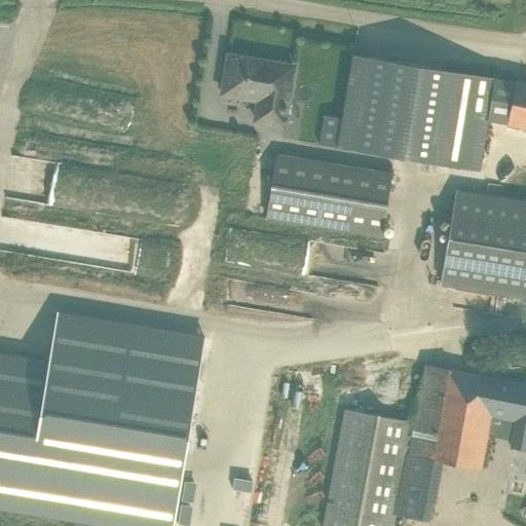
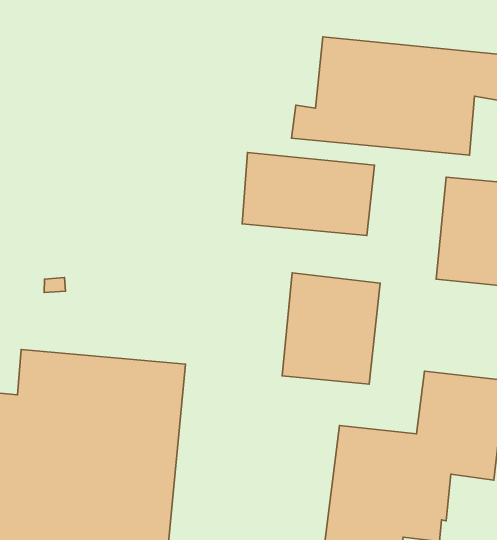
building: [221,54,293,128] -> none
building: none -> [282,273,380,384]

